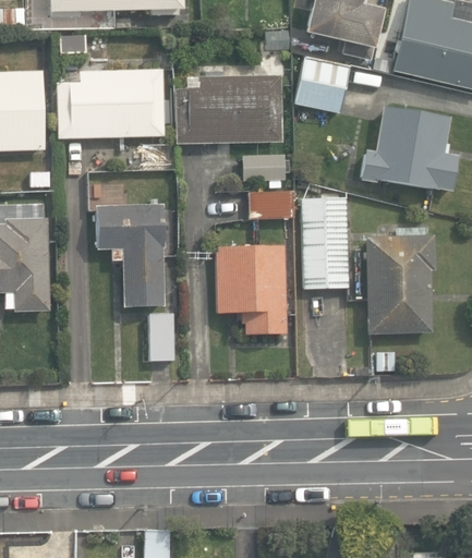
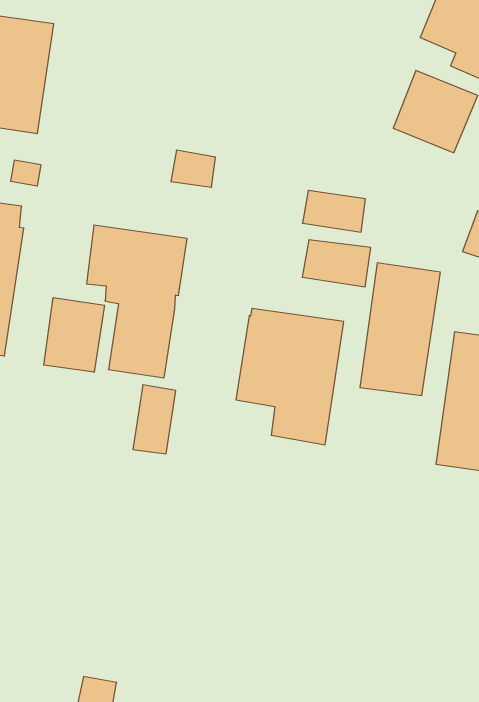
building: [57,70,164,137] -> none
building: [176,74,282,144] -> none
building: none -> [44,298,105,372]

